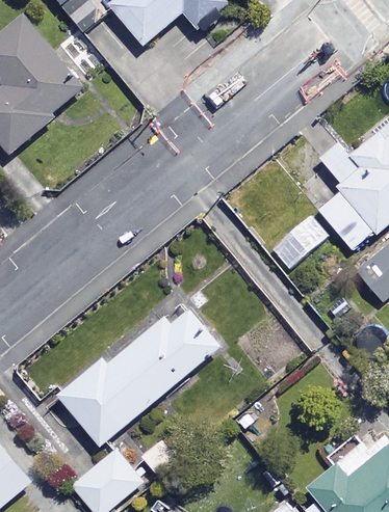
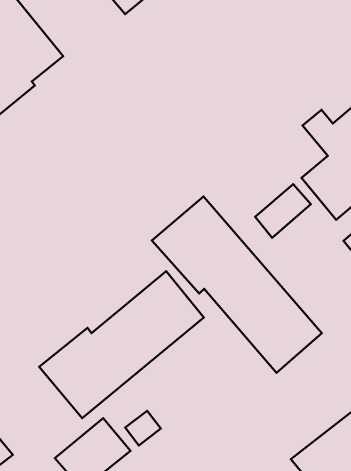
building: none -> [152,196,322,373]

